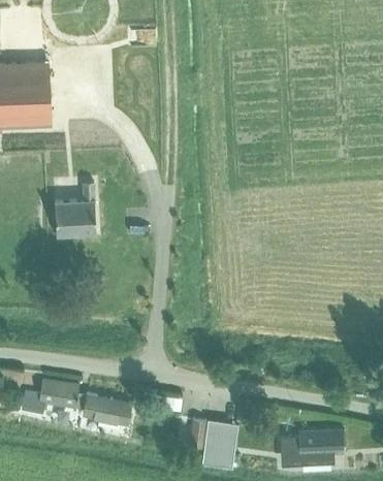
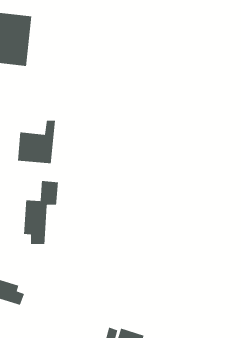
building: none -> [23,180,58,245]
building: [83,395,131,426] -> none

